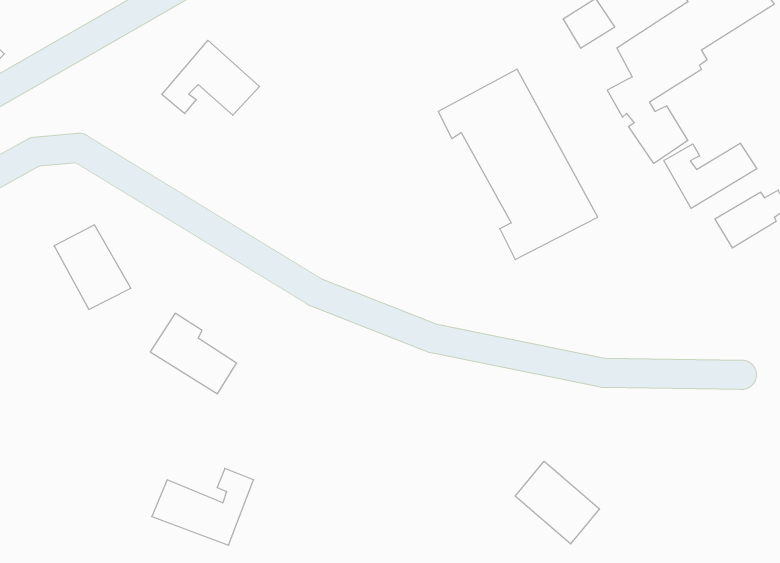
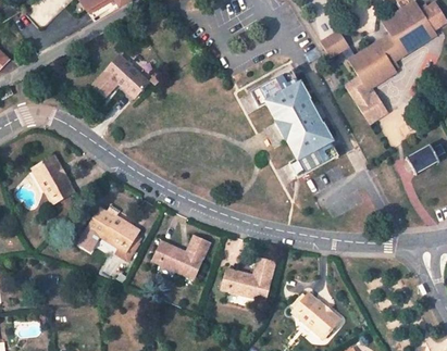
building: [664,143,757,208] -> none
building: none -> [220,259,274,303]
building: [152,468,254,545] -> [152,235,210,278]

